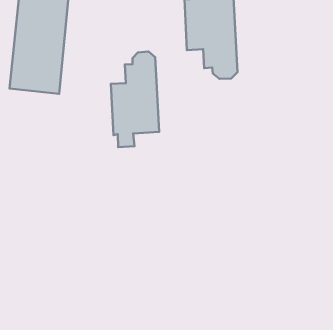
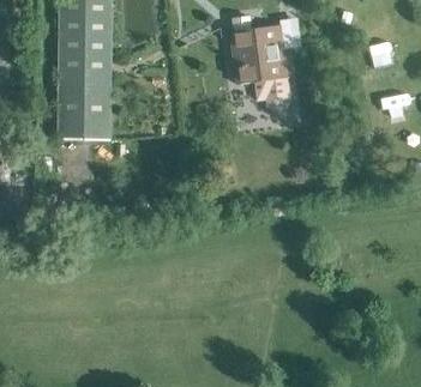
building: [111,51,159,147] -> none

